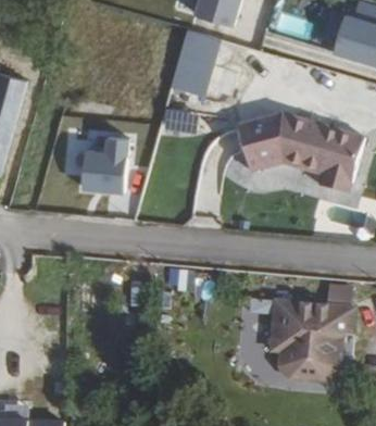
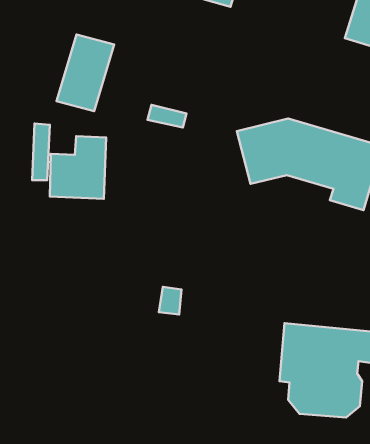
building: [167,29,217,96] -> [56,34,114,111]

